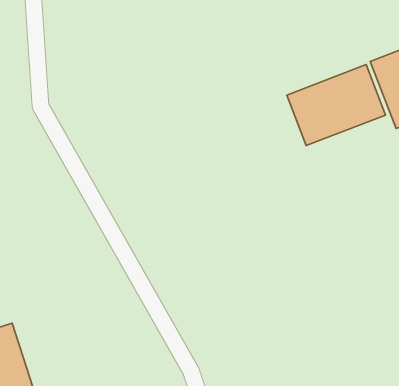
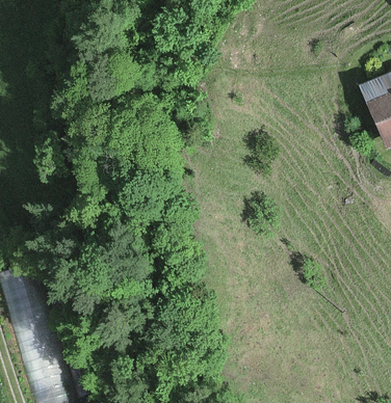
building: [287,64,386,146] -> none

